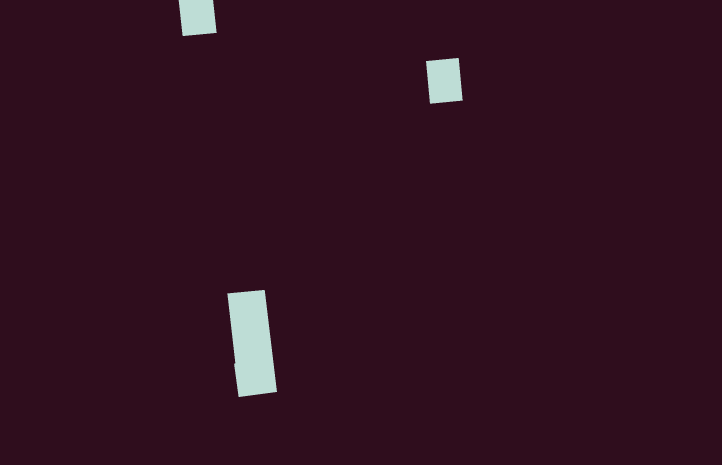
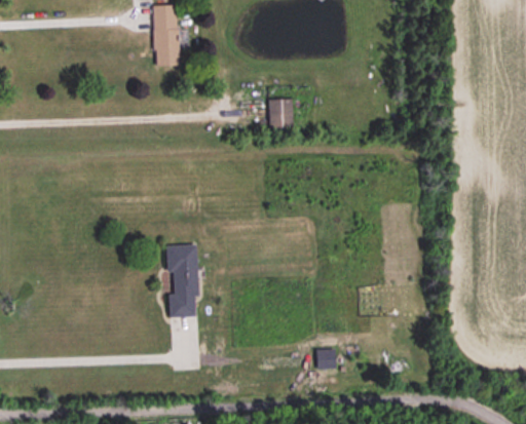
building: [425,58,464,104] -> [269,100,293,129]
building: none -> [316,348,335,369]

